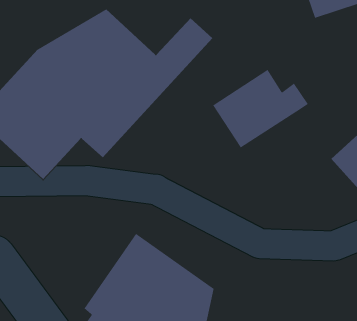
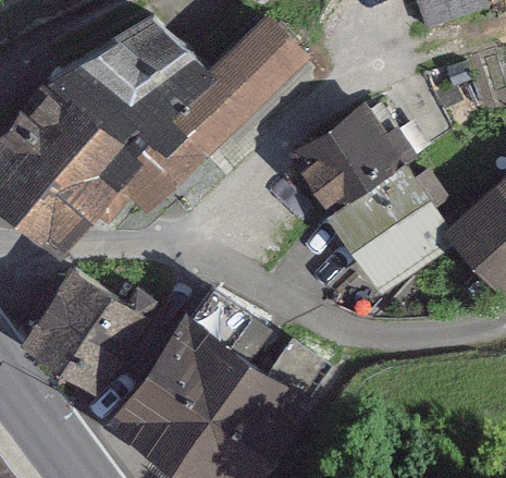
building: none -> [329,160,457,290]
building: none -> [24,277,161,405]

